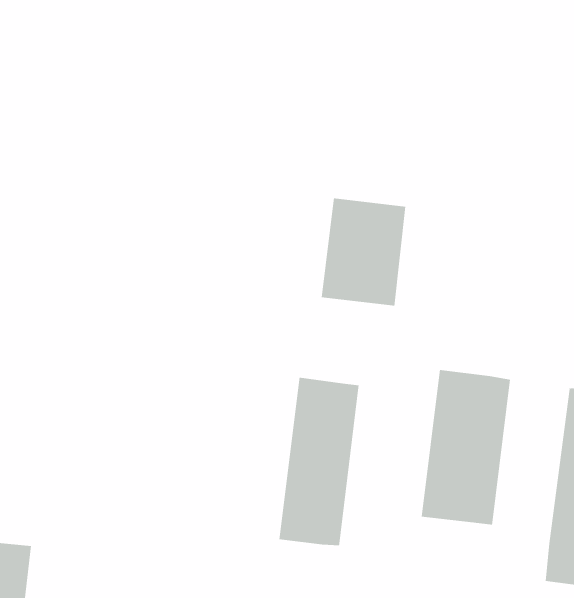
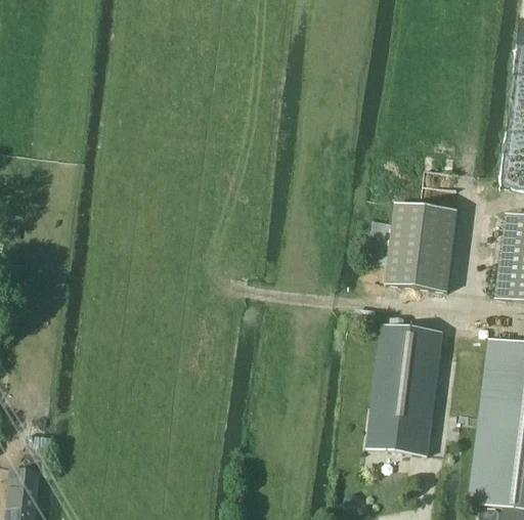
building: [321,198,406,306] -> [386,200,457,291]
building: [279,377,359,546] -> none

